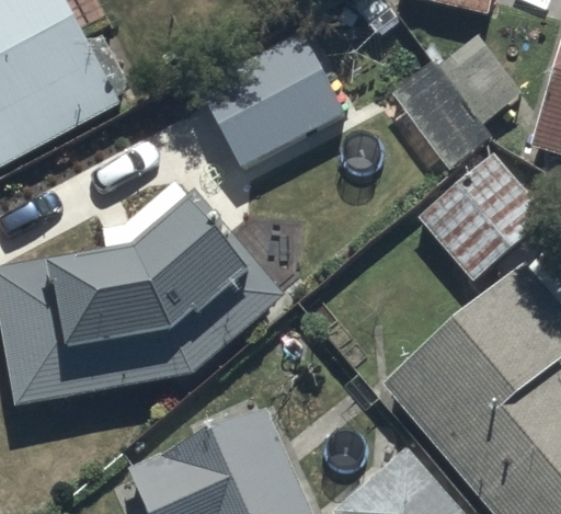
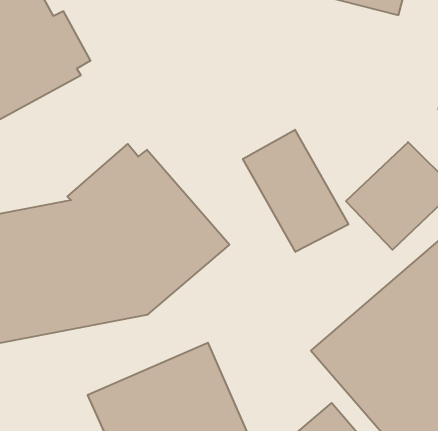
building: [201,23,355,173] -> none
building: [389,55,514,185] -> none
building: none -> [243,130,348,252]

